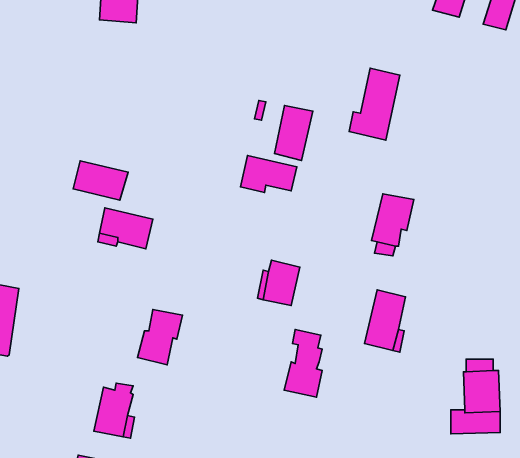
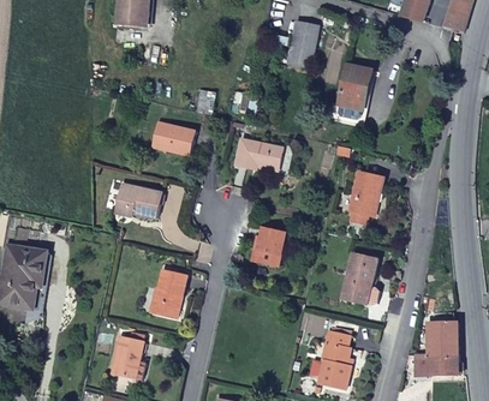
building: [275,105,313,161] -> [287,22,320,68]
building: [73,161,128,200] -> [150,121,197,155]
building: [284,329,322,397] -> [318,331,351,389]

